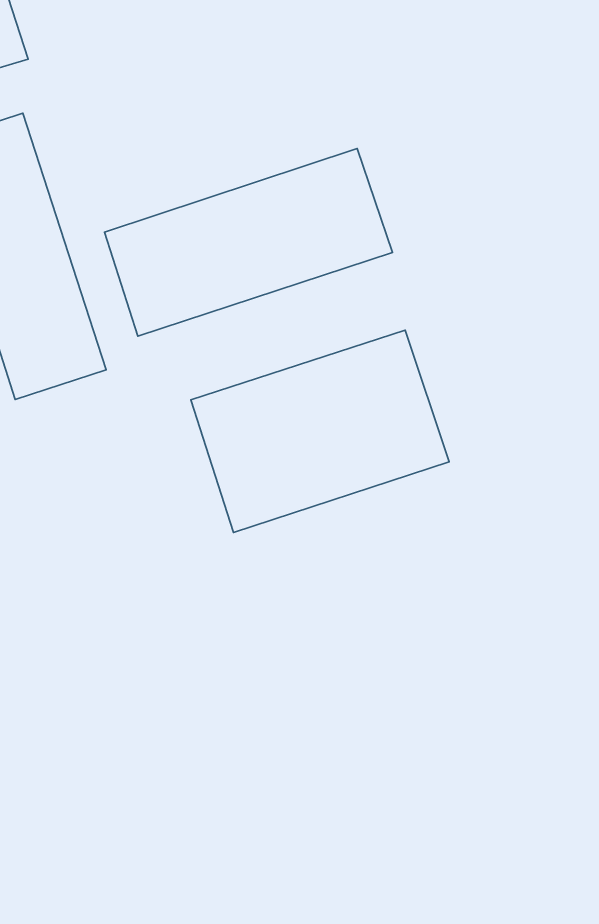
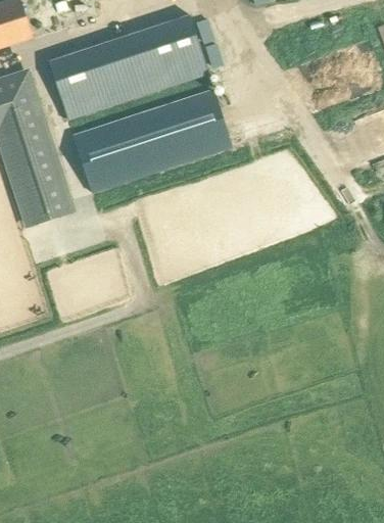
building: none -> [49,14,208,120]
building: [191,330,449,533] -> none

